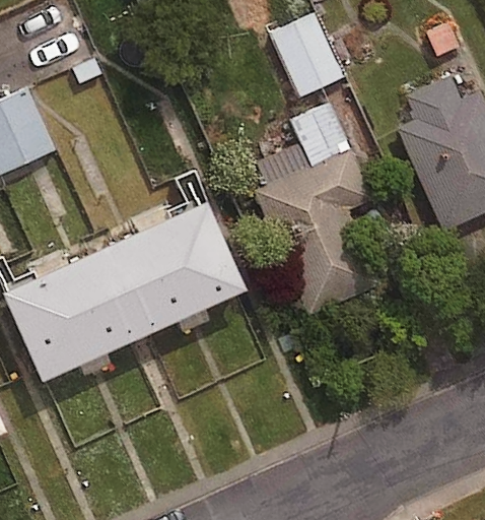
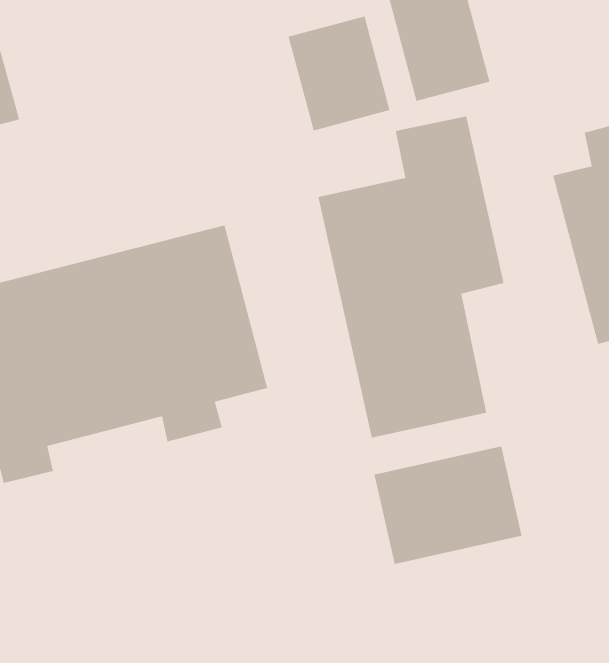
building: none -> [288,15,391,131]
building: none -> [374,446,523,565]

